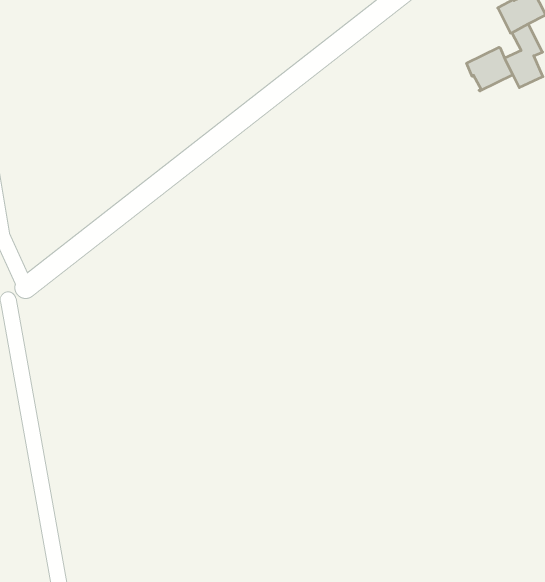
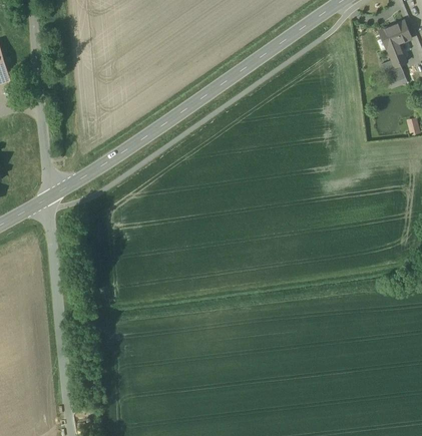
building: [467,47,513,91] -> none

